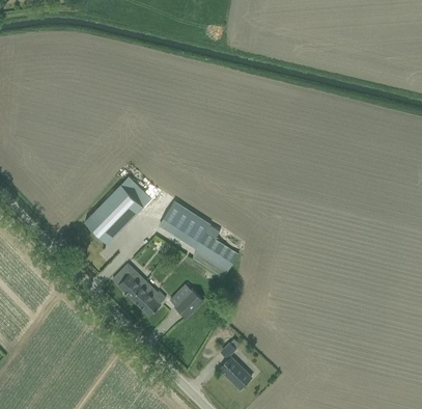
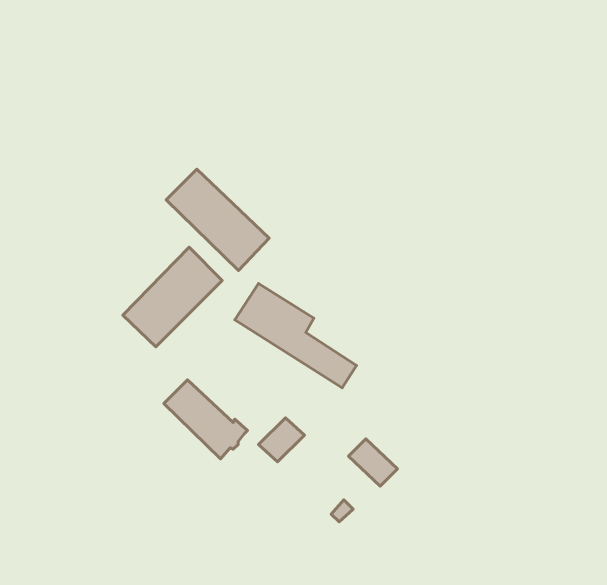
building: none -> [166,169,269,271]
building: [219,357,251,388] -> [348,439,397,486]

